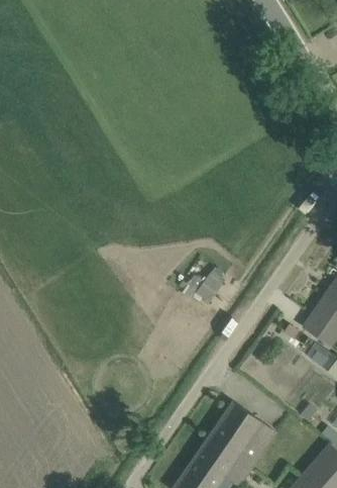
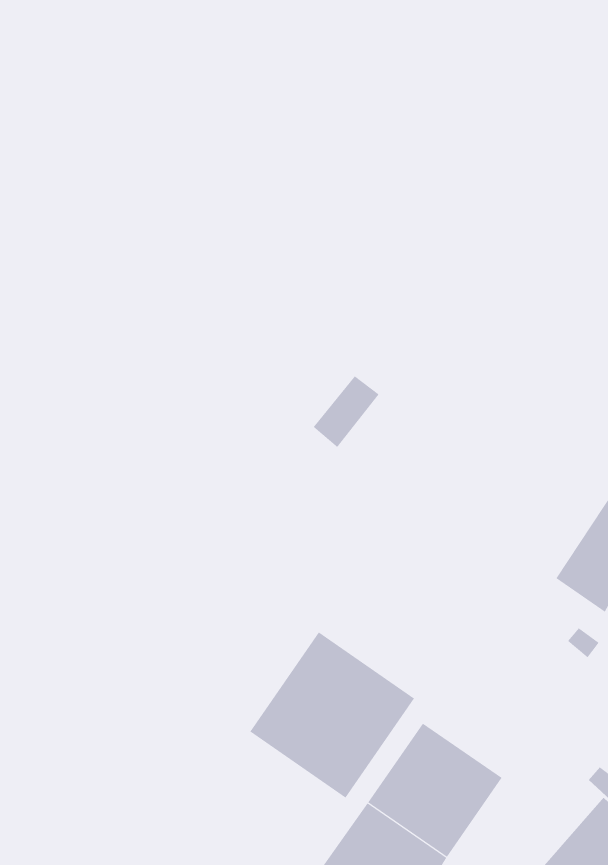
building: [192,266,227,304] -> [313,375,379,448]
building: none -> [249,632,415,798]

